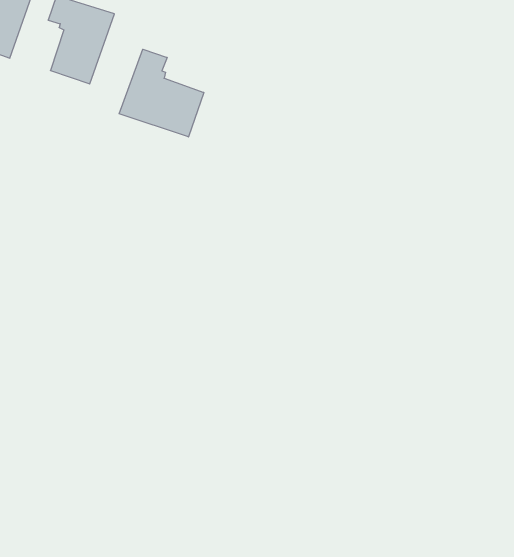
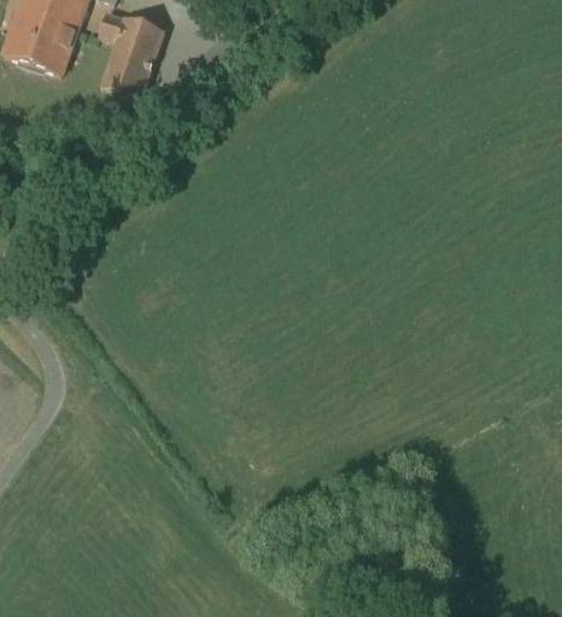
building: [119,49,204,137] -> none

